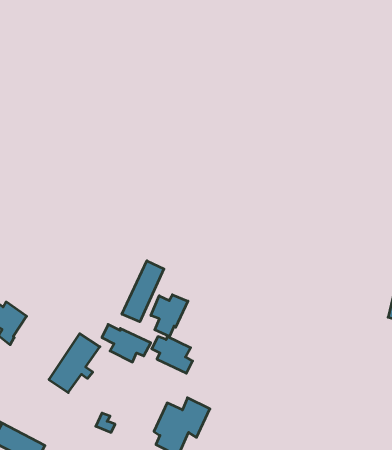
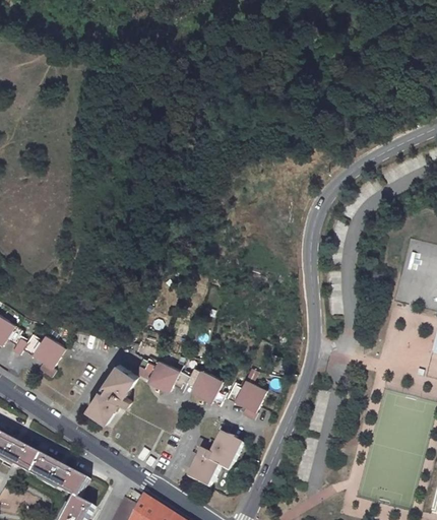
building: [122,261,164,322] -> none
building: [151,295,188,337] -> none
building: none -> [232,377,270,418]

